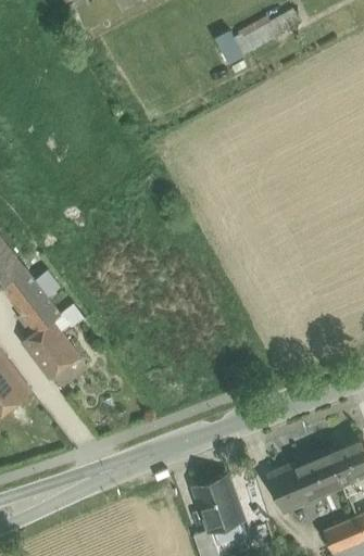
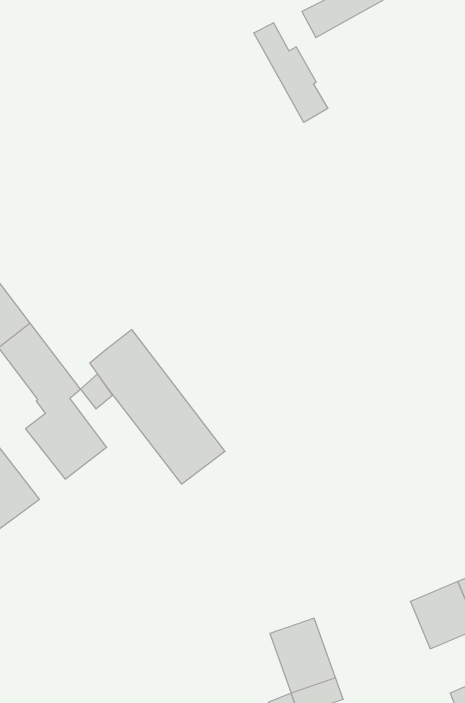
building: none -> [254,23,328,122]
building: none -> [90,330,225,484]
building: [269,466,310,510] -> none

